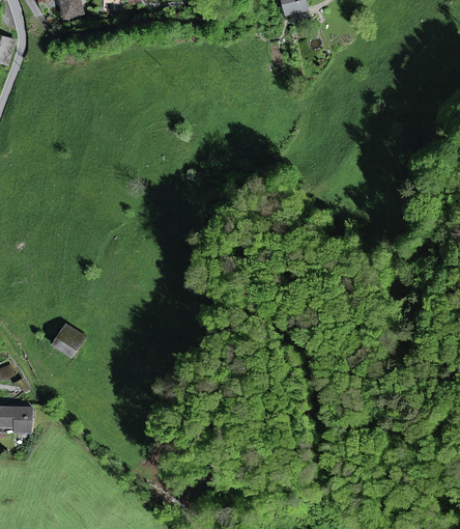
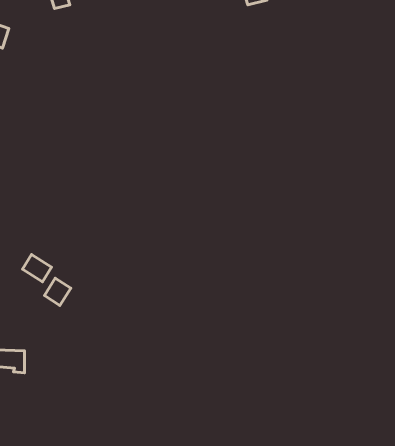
building: none -> [22,254,51,282]

